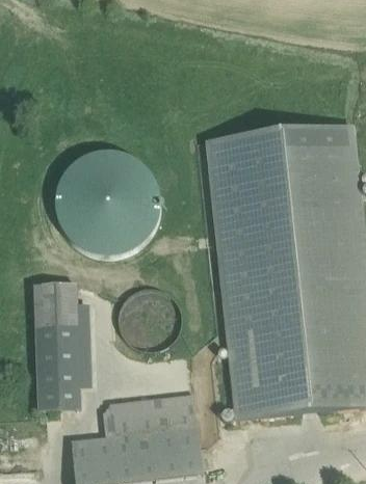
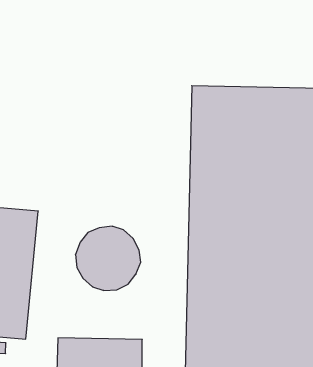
building: [46,145,161,261] -> none

